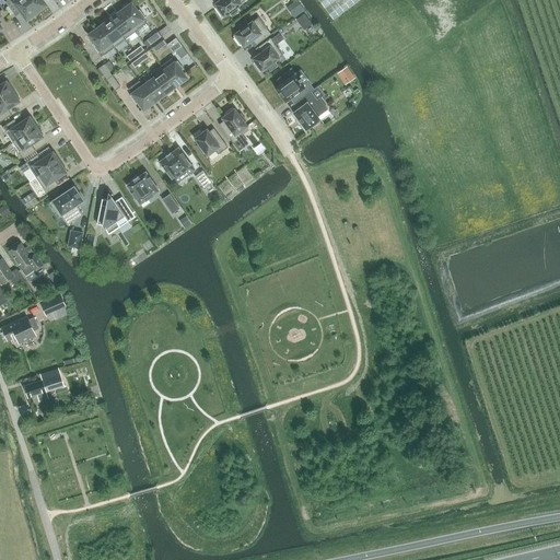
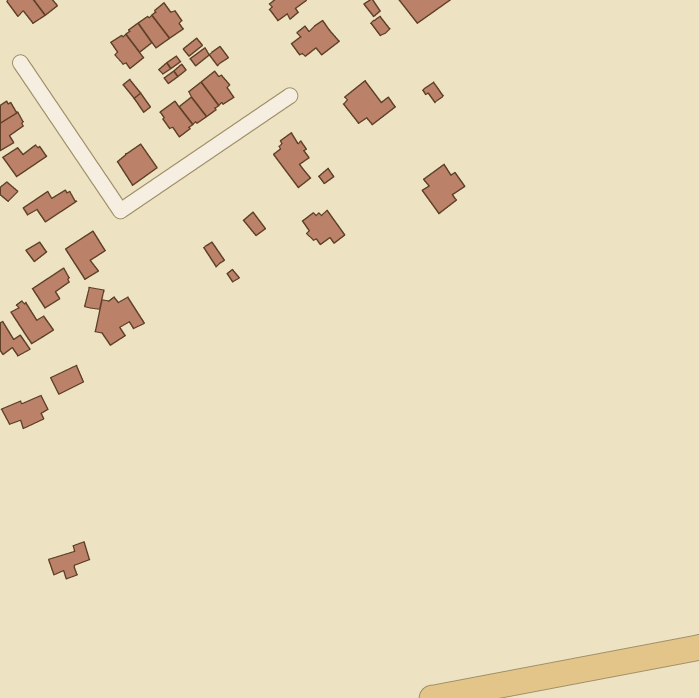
building: [254,33,283,71] -> none
building: [293,91,327,130] -> [422,164,465,214]
building: [13,125,43,156] -> none
building: [194,127,228,154] -> [302,210,345,244]
building: [159,147,194,183] -> none
building: [36,161,66,192] -> [32,268,69,308]
building: [127,171,159,203] -> [117,144,157,185]
building: [96,196,136,234] -> [95,297,144,345]
building: [24,371,57,400] -> [49,542,90,579]

